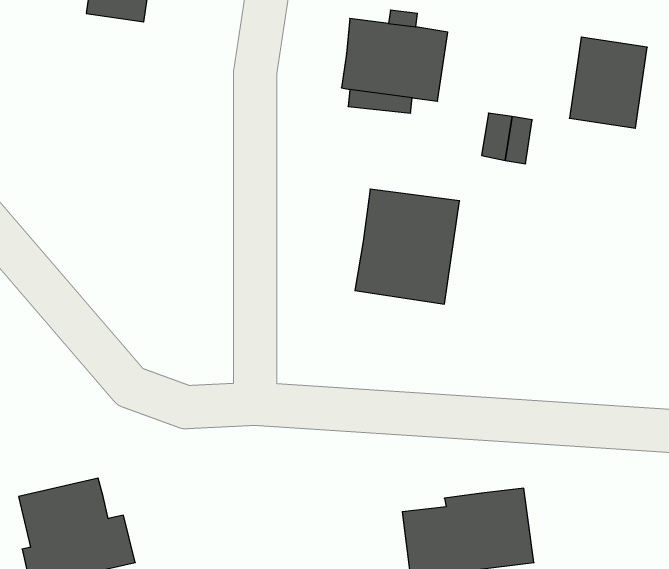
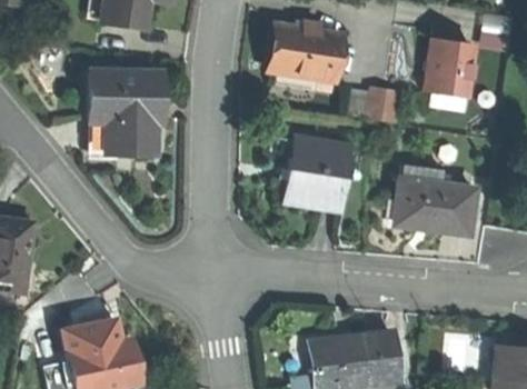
building: none -> [91,72,160,152]
building: none -> [396,177,476,235]

